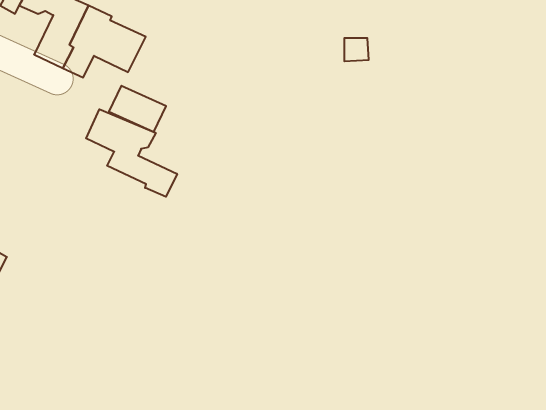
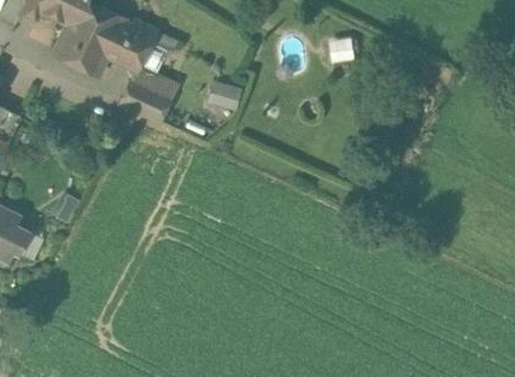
building: none -> [205,78,241,110]
building: [86,109,177,197] -> none

